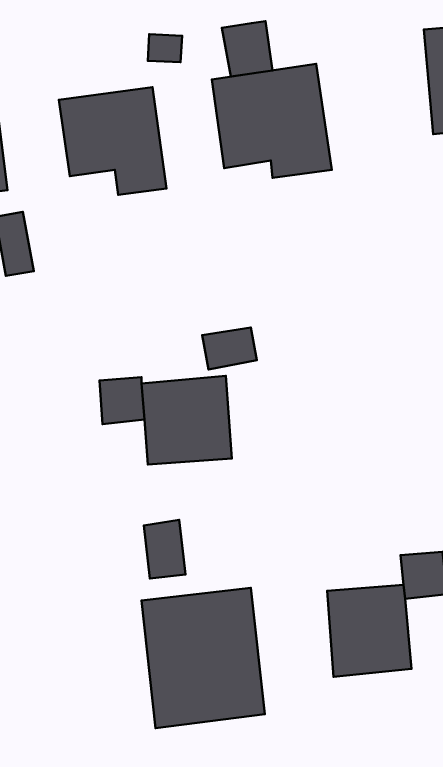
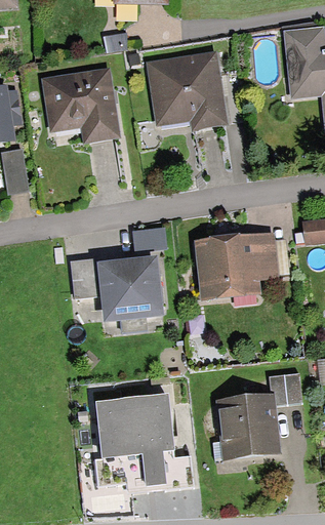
building: [222,21,273,76] -> none
building: none -> [198,237,285,295]
building: [144,520,185,578] -> none

